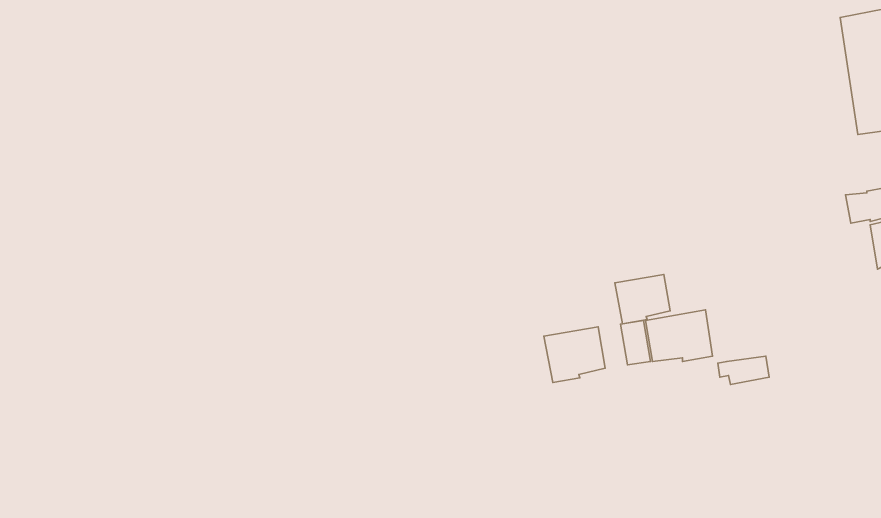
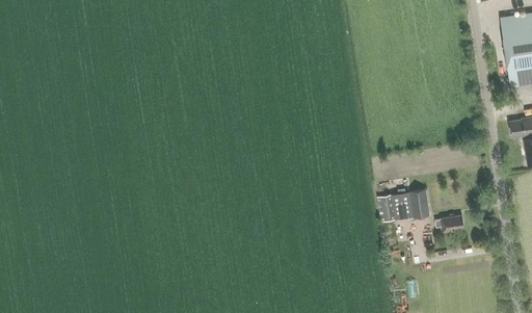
building: [615,274,670,324] -> none
building: [544,327,605,382] -> none

